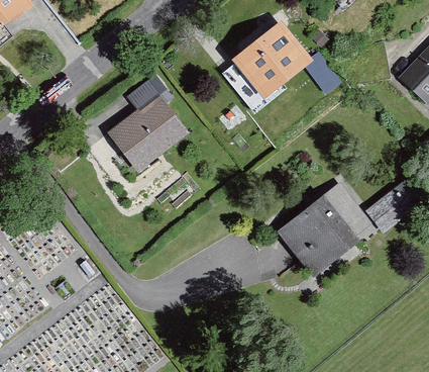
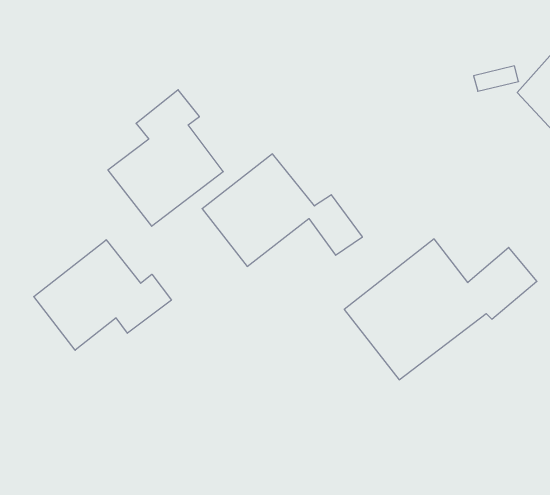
building: [227,21,342,102] -> [202,154,362,266]
building: none -> [34,240,171,350]

